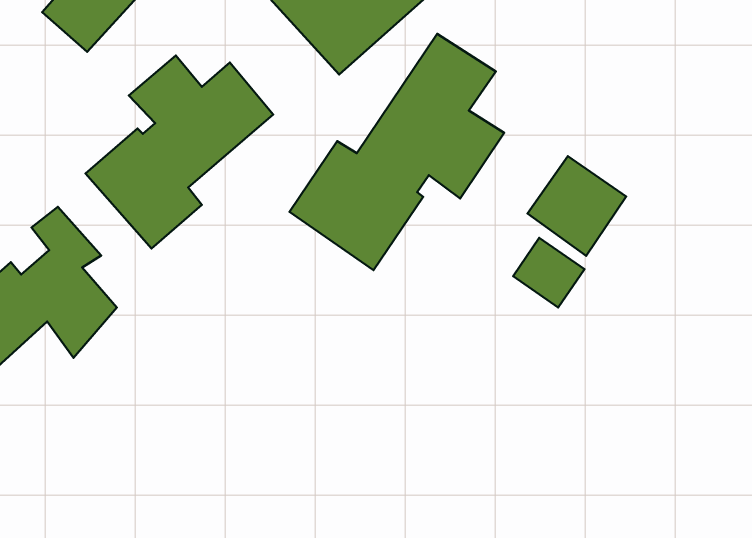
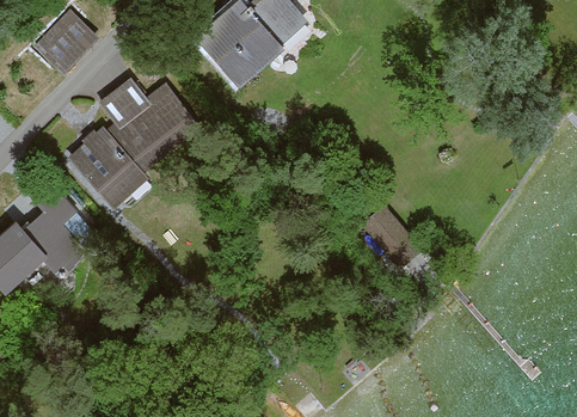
building: [289,34,504,270] -> none
building: [527,156,626,256] -> none

